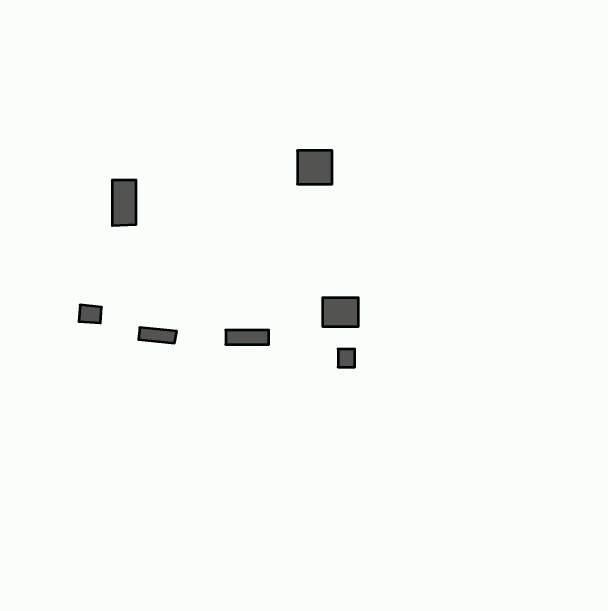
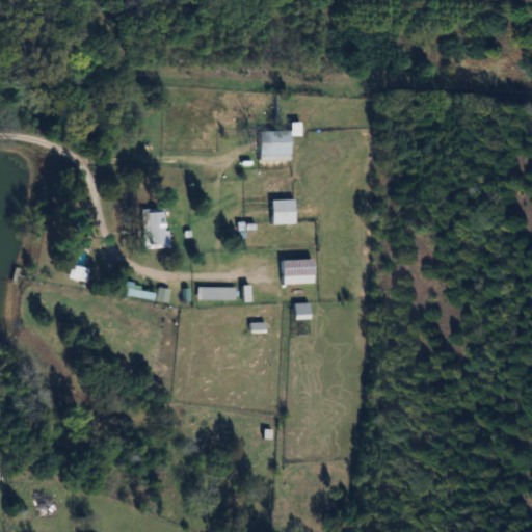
building: [112,180,136,226] -> [148,209,168,248]
building: none -> [273,200,296,223]

